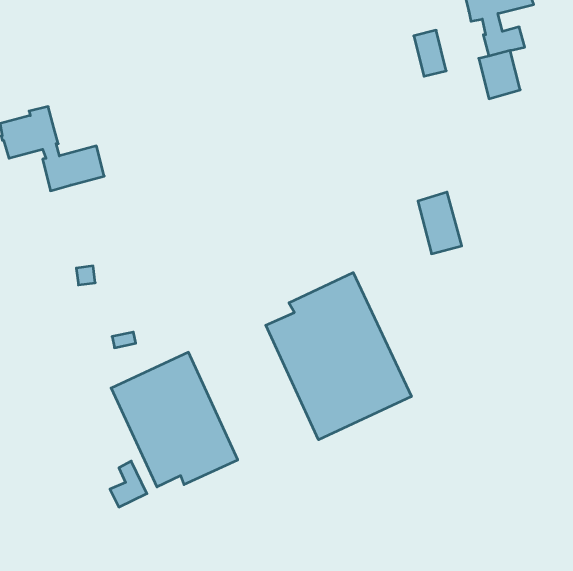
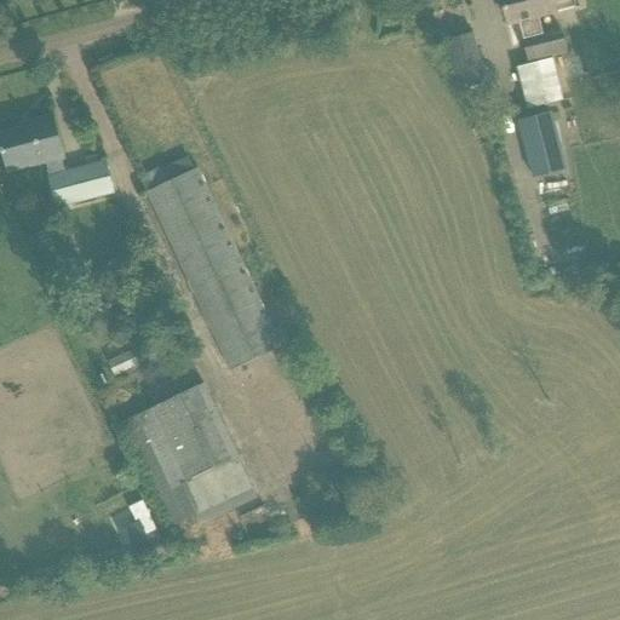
building: none -> [145,166,281,368]
building: [418,192,462,254] -> [518,109,566,176]
building: [266,273,411,440] -> none

